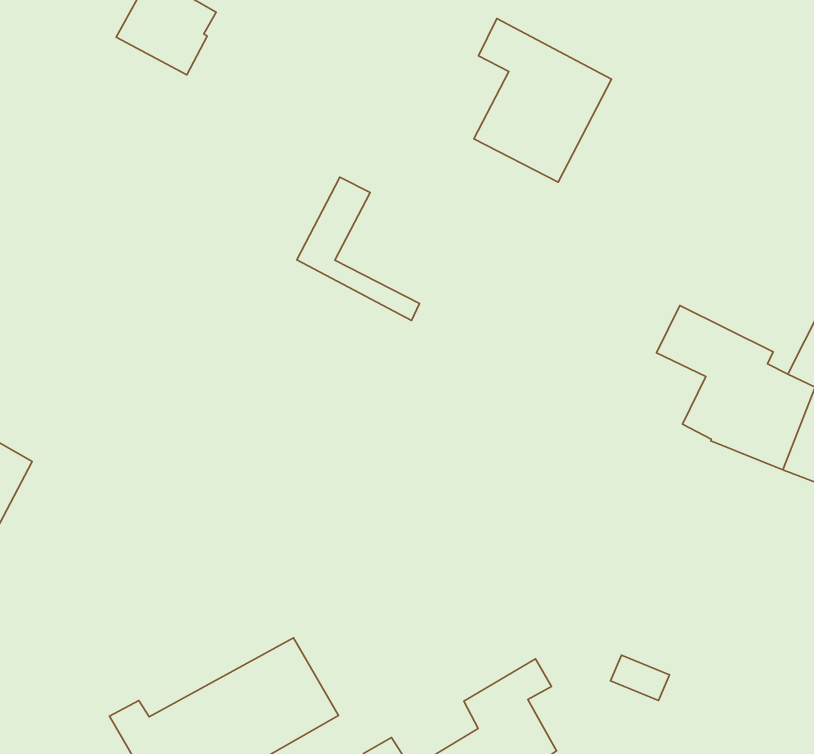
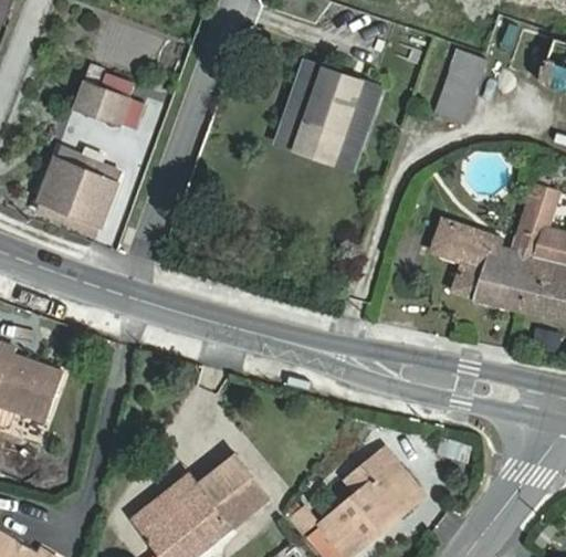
building: none -> [434,50,486,124]
building: none -> [39,147,122,225]
building: [297,177,419,320] -> [277,86,356,167]

